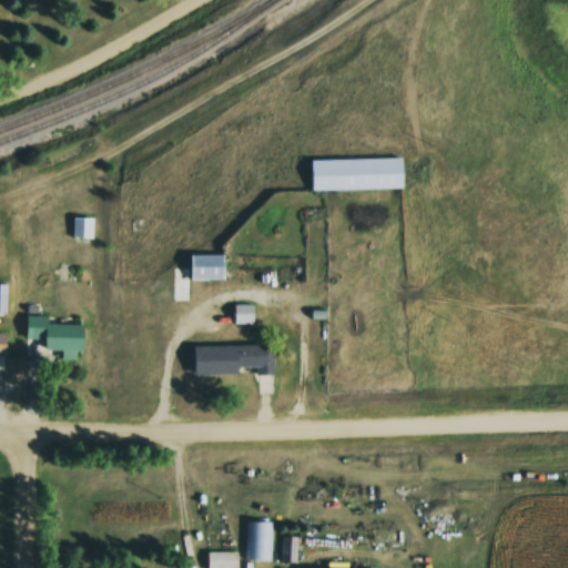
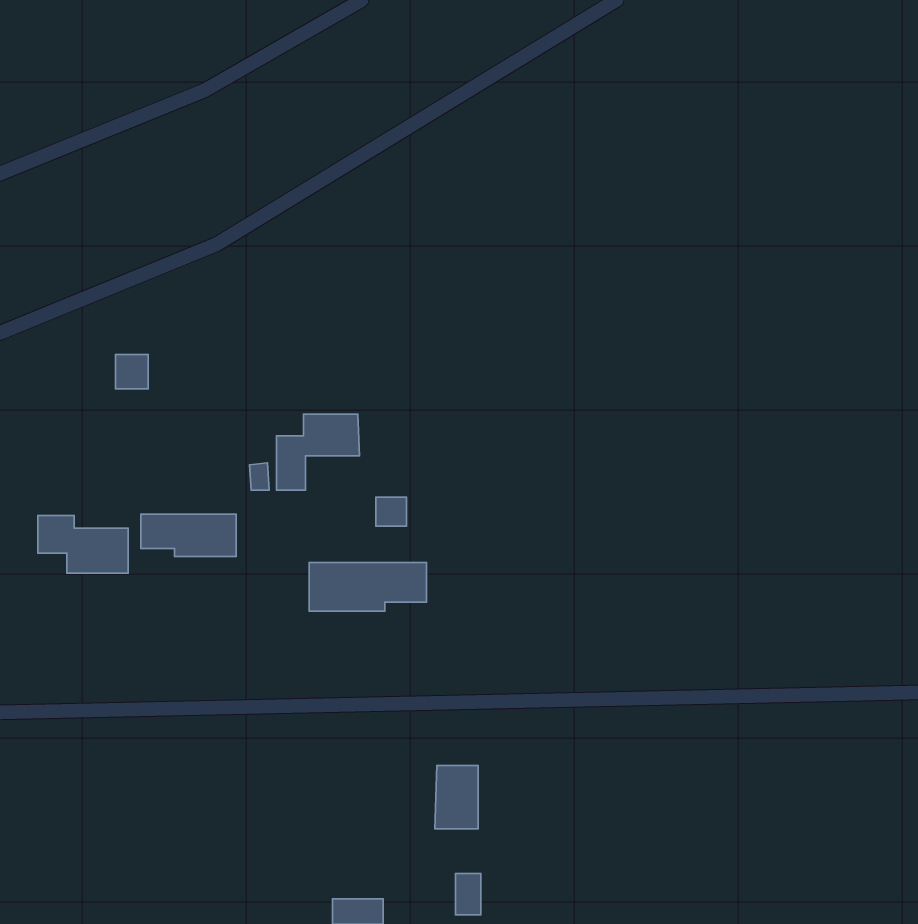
building: [318,159,407,191] -> none
building: none -> [141,514,236,556]
building: [247,521,274,560] -> [435,765,478,829]

